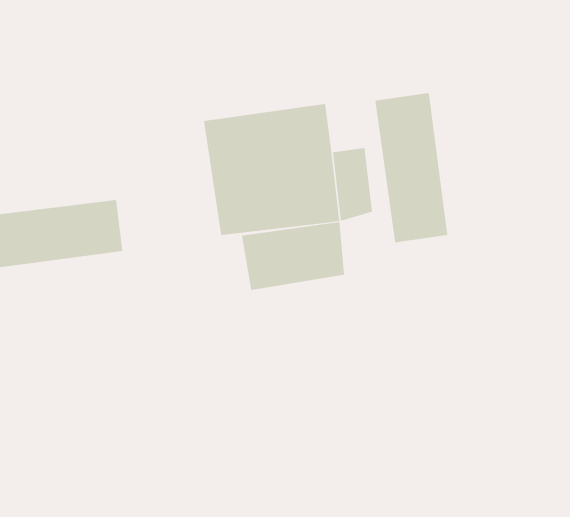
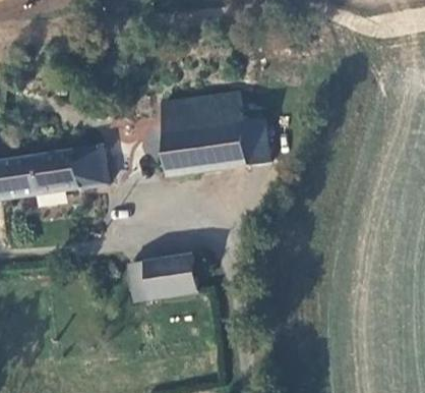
building: [375,92,448,243] -> none
building: [241,221,345,291] -> [130,252,197,297]

